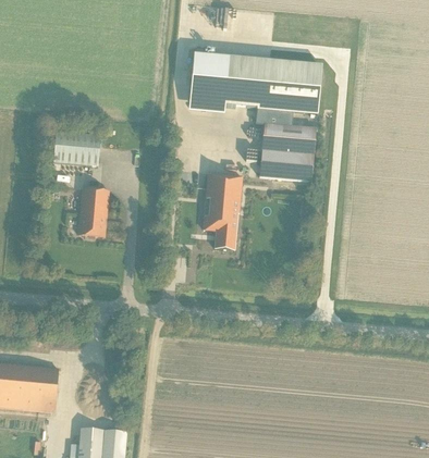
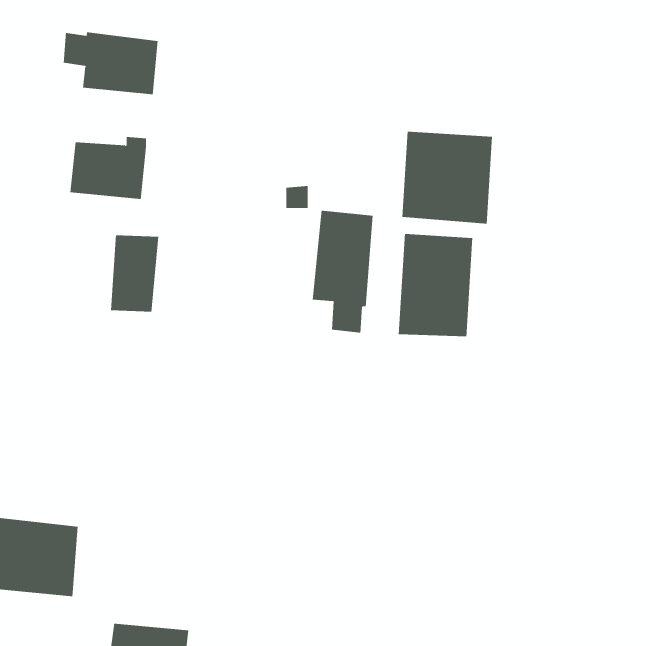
building: [188,52,321,125] -> none
building: none -> [63,32,158,95]
building: none -> [398,233,473,337]

